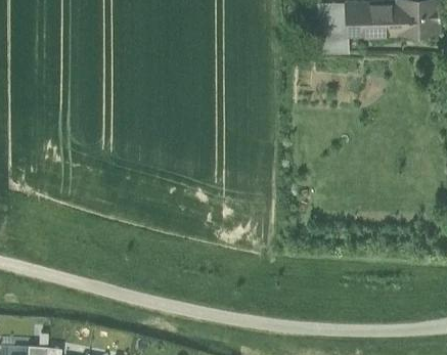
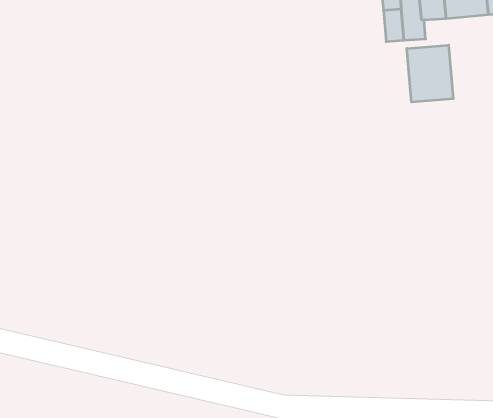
building: none -> [407,45,453,102]

